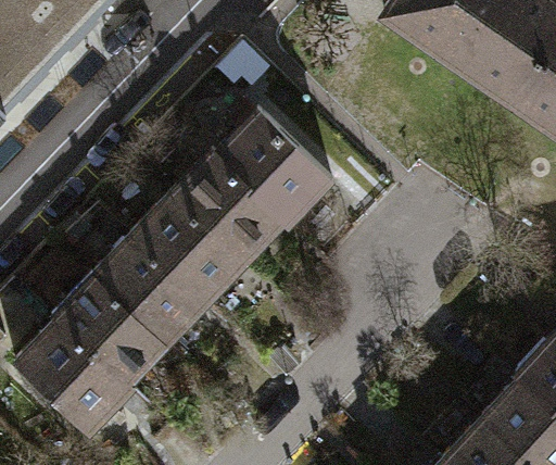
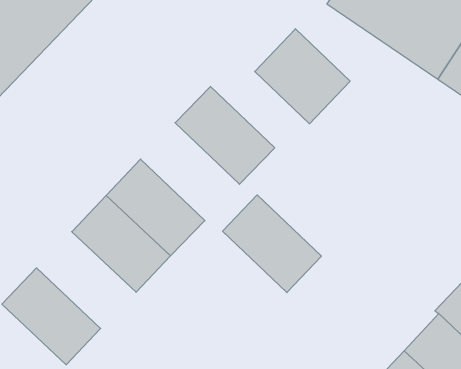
building: none -> [255,29,350,124]
building: [167,152,282,266] -> [223,195,321,293]
building: [46,279,162,392] -> none

